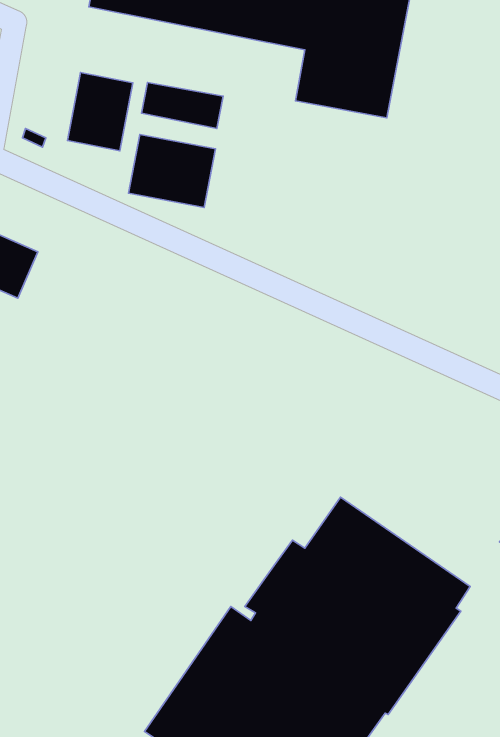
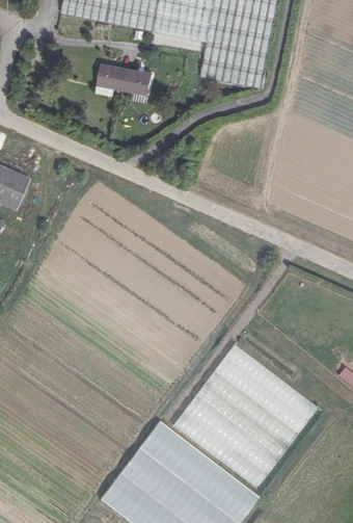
building: [68,73,133,151] -> none
building: [128,134,216,208] -> none

